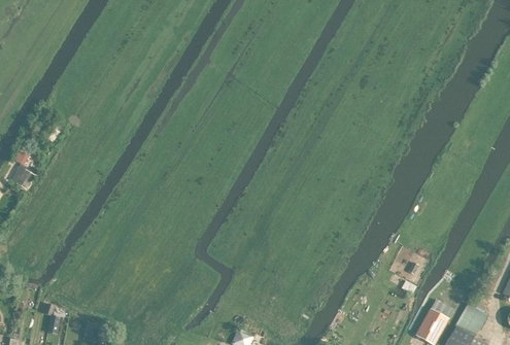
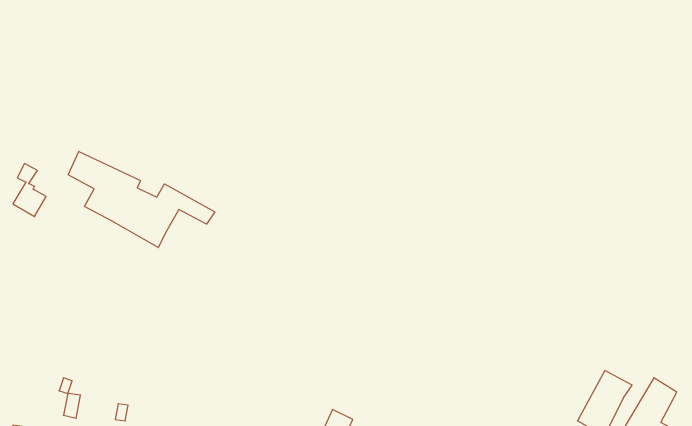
building: none -> [68,151,215,248]

